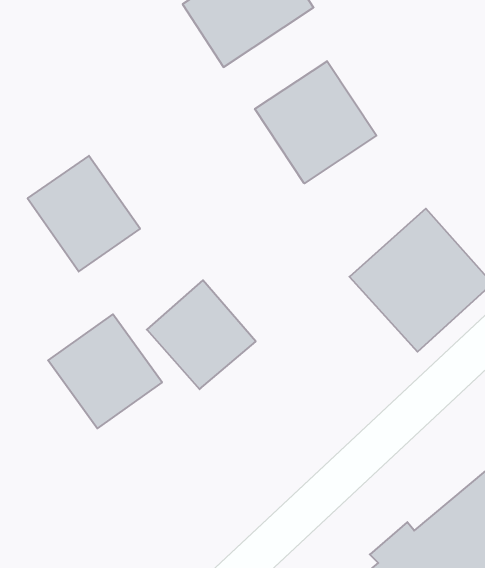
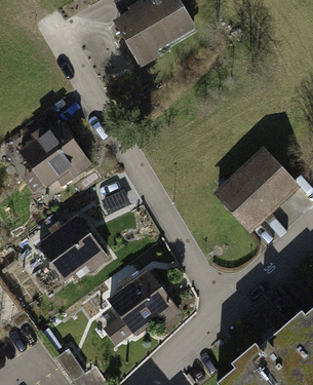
building: [255,61,376,183] -> none
building: [147,280,256,389] -> [112,278,178,344]

